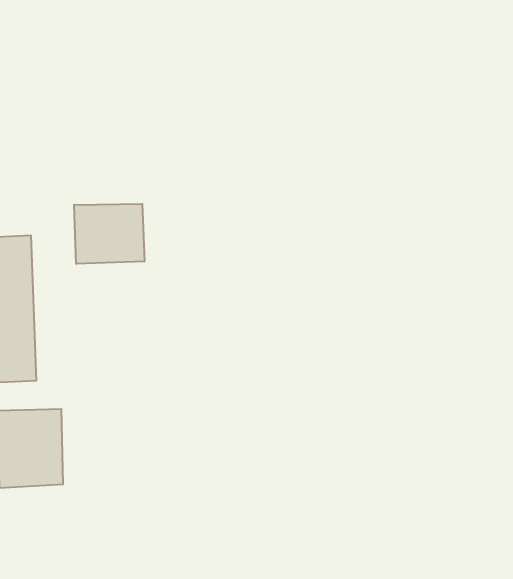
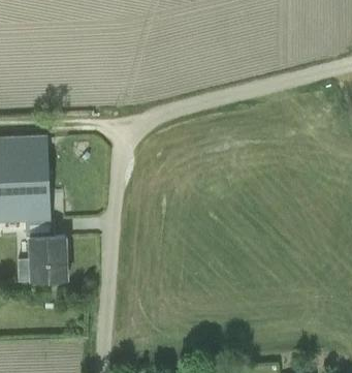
building: [74,204,144,264] -> none

